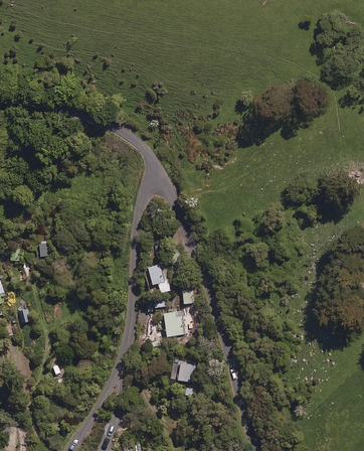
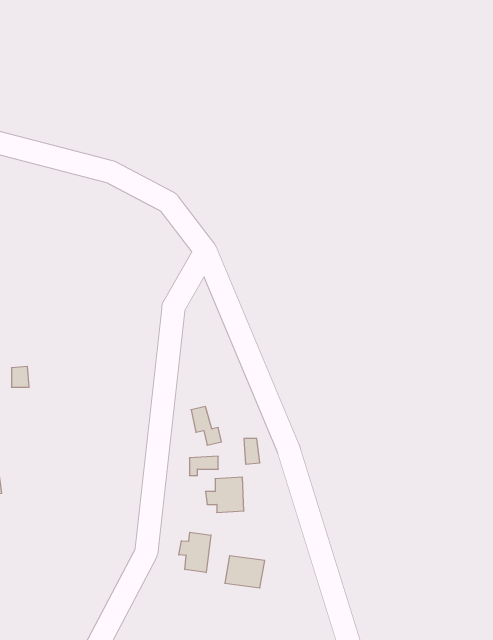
building: none -> [179,532,211,573]

